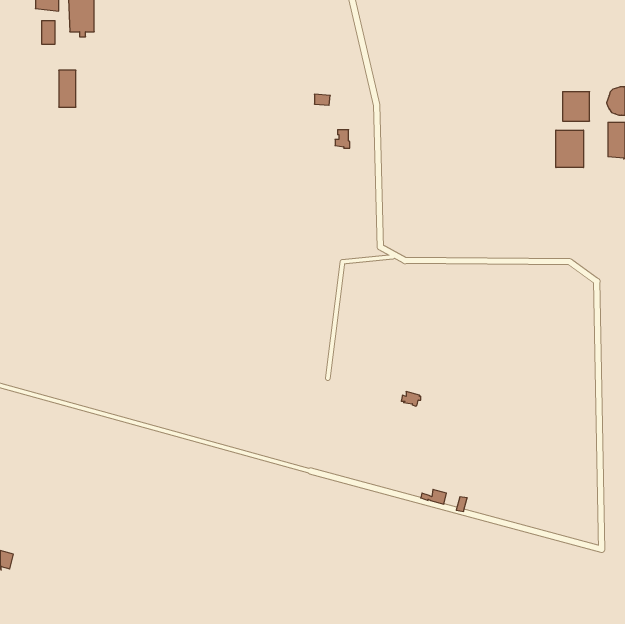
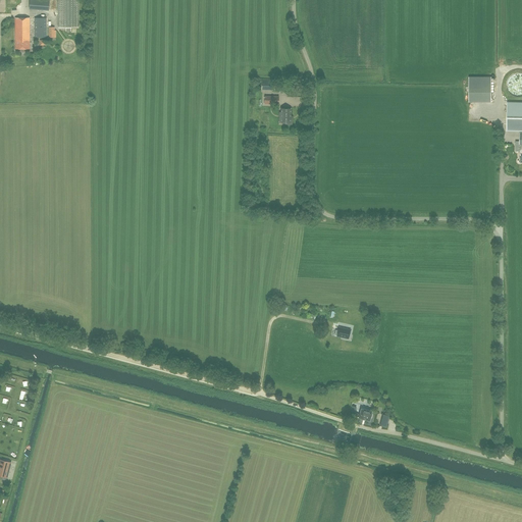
building: [59,70,76,107] -> [15,17,30,48]
building: [556,130,583,168] -> none

